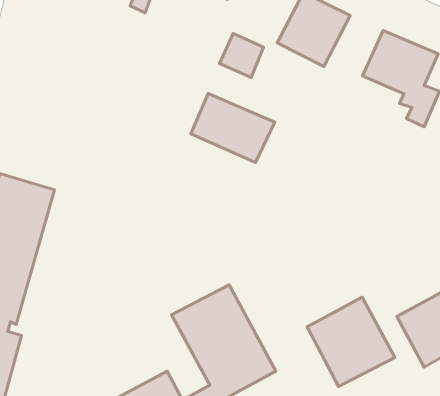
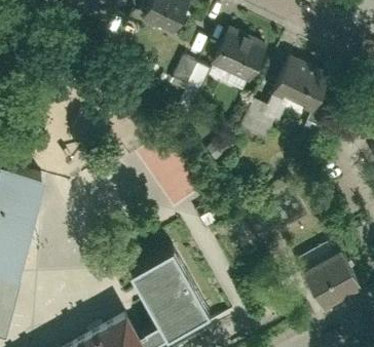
building: [191,93,275,162] -> none
building: [307,297,395,386] -> none

